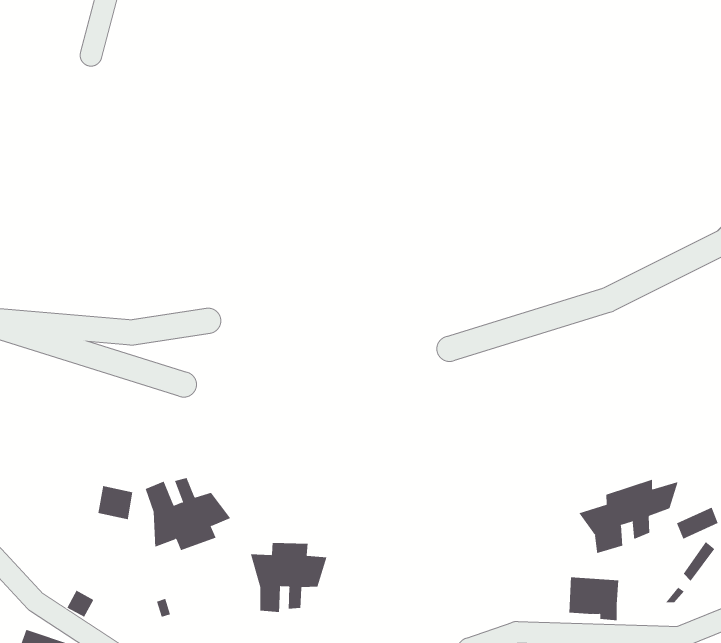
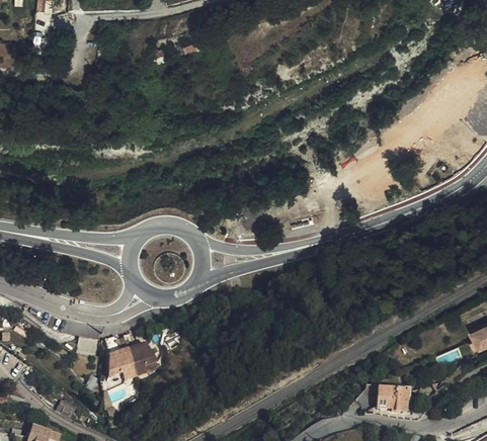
building: [578,479,679,554] -> none
building: [250,542,327,613] -> none

